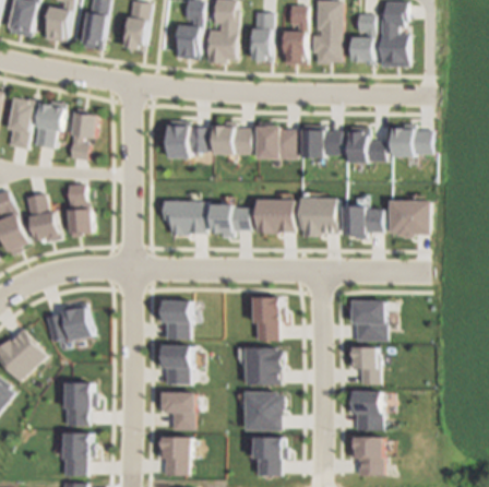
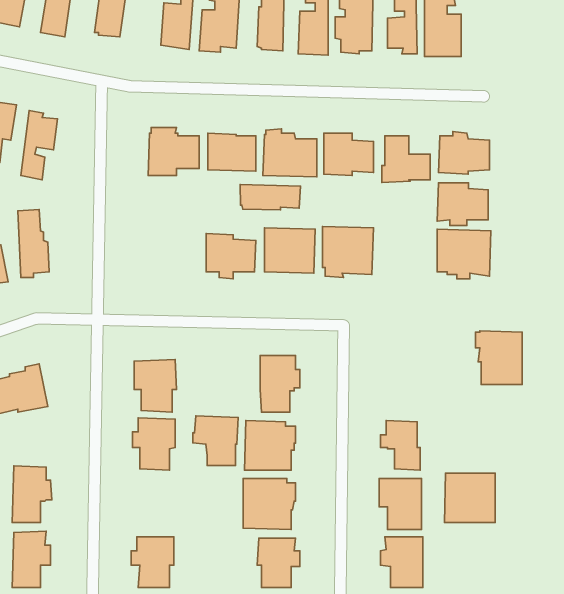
building: none -> [240,185,300,210]
building: [162,200,204,236] -> none
building: [345,204,384,237] -> [437,183,488,225]
building: [349,299,385,341] -> [475,331,522,385]
building: none -> [444,473,495,522]
building: [156,391,191,429] -> [193,416,238,466]

